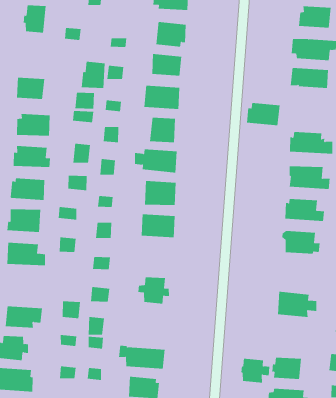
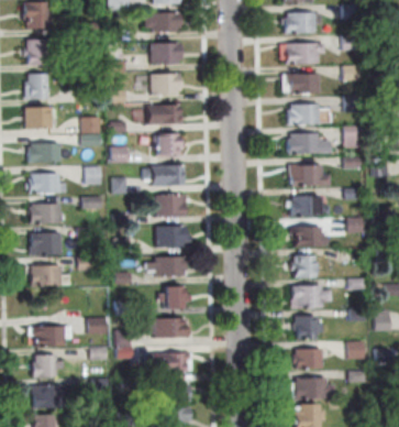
building: [81,61,105,89] -> [26,74,48,99]
building: [246,102,280,126] -> [289,105,320,124]
building: none -> [147,255,186,277]
building: none -> [295,255,317,278]
building: none -> [147,318,185,339]
building: [241,358,270,383] -> [295,317,322,339]

